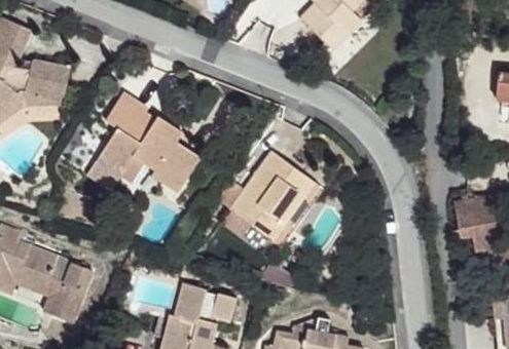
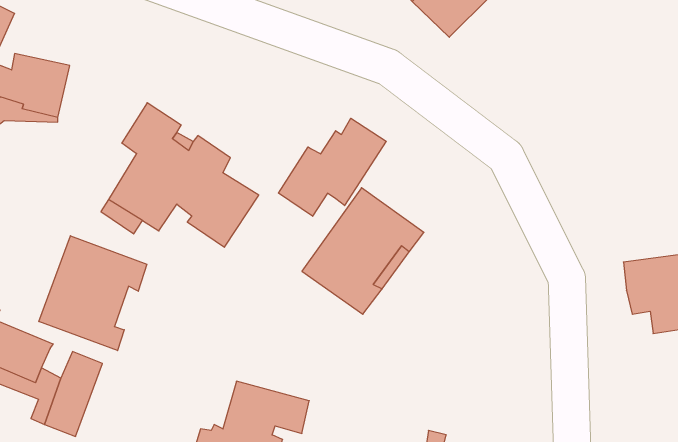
building: none -> [278,118,386,216]
building: none -> [39,236,147,351]

